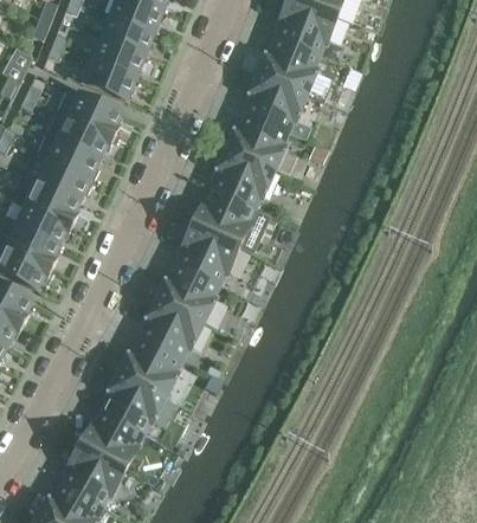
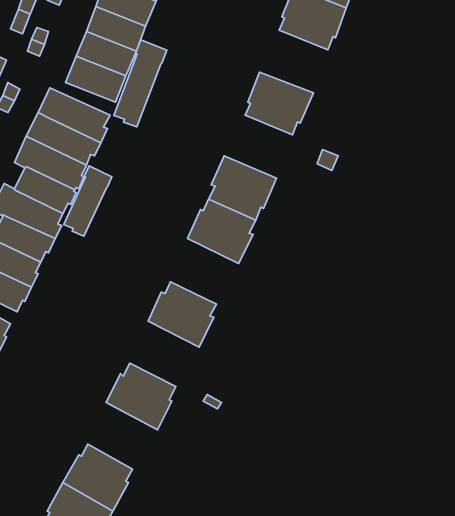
building: [257,38,318,95] -> none
building: none -> [114,40,167,127]
building: [225,115,286,172] -> none
building: none -> [64,166,112,236]
building: [176,226,238,285] -> none
building: [140,301,202,360] -> none
building: [102,374,165,434] -> none

